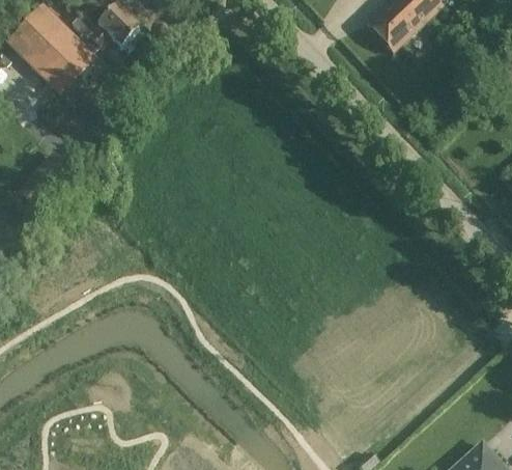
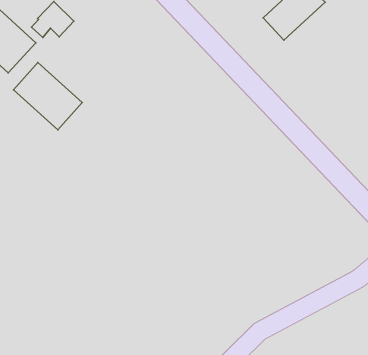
building: none -> [13,63,82,130]

